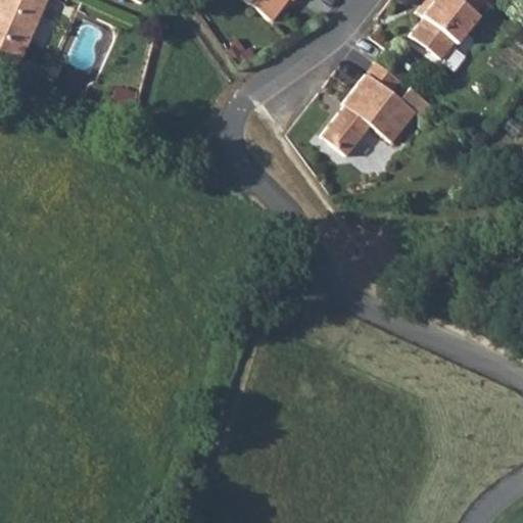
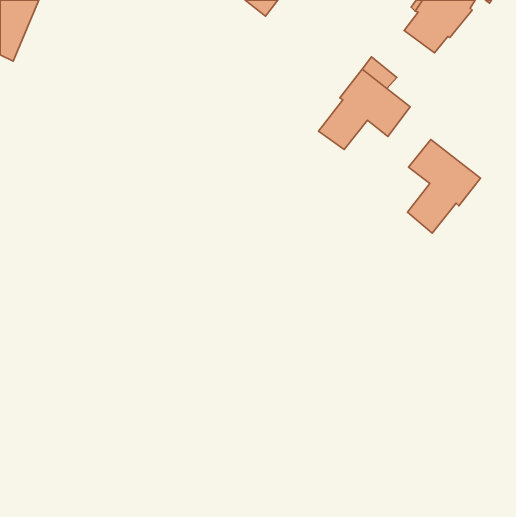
building: none -> [408,140,480,233]

